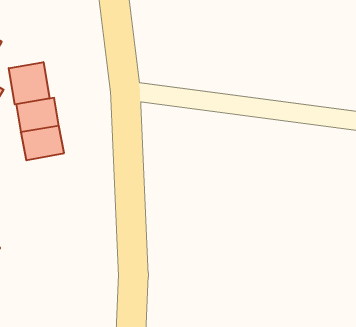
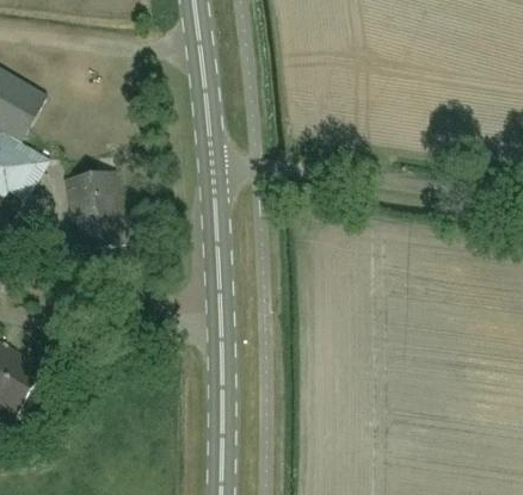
building: [9,62,49,104] -> none

